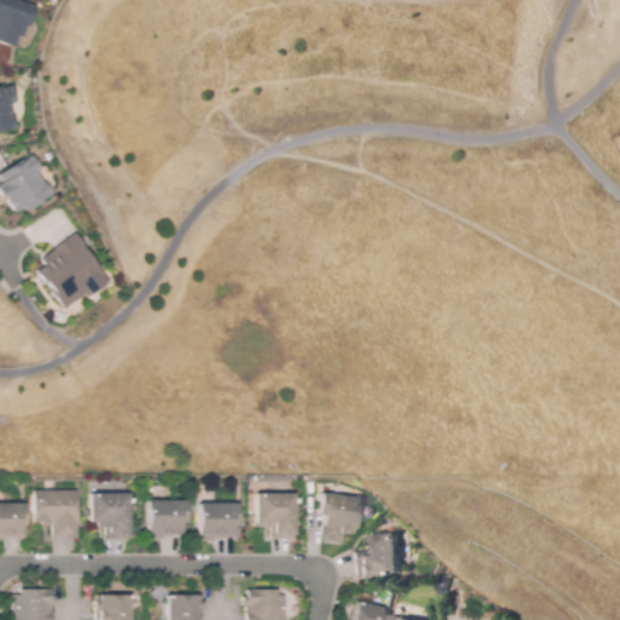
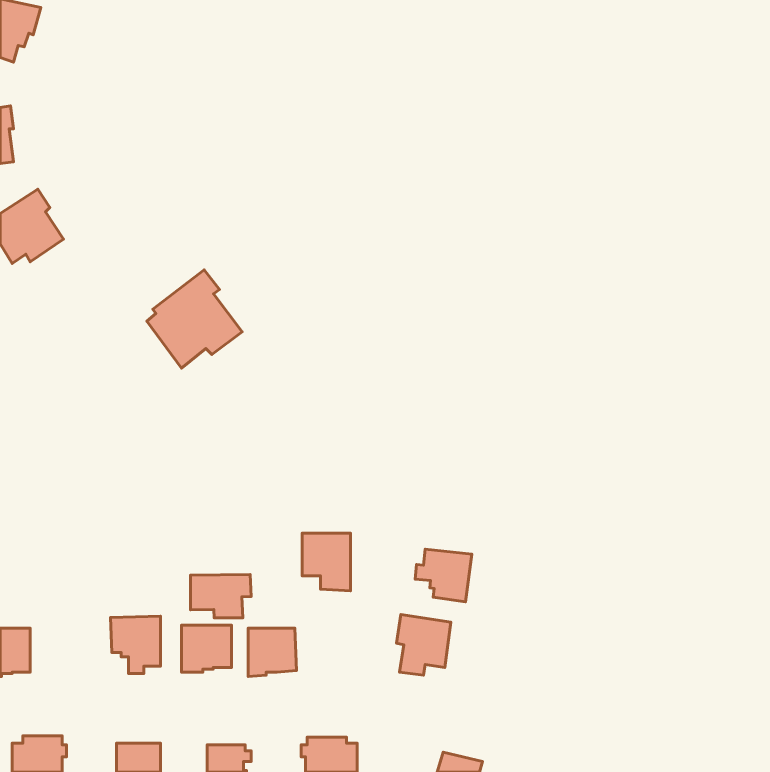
building: [35,229,111,308] -> [147,270,242,368]
building: none -> [415,549,472,602]
building: none -> [190,575,251,618]
building: [35,490,81,538] -> none
building: [257,493,295,539] -> [302,533,351,591]
building: [355,533,402,578] -> none

